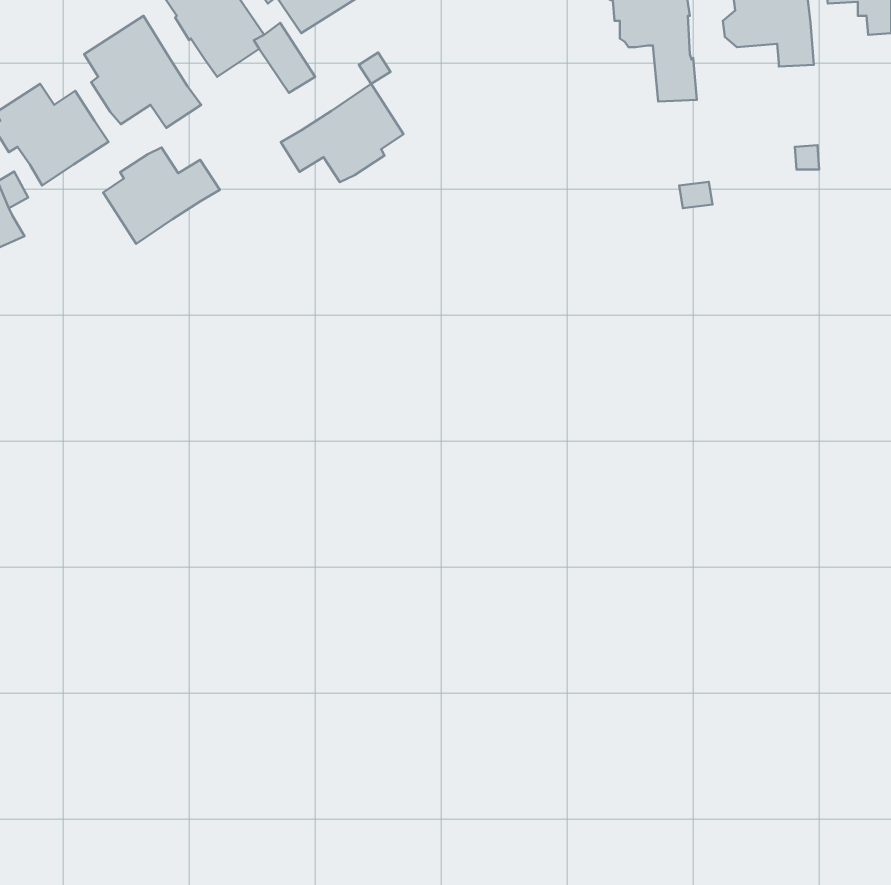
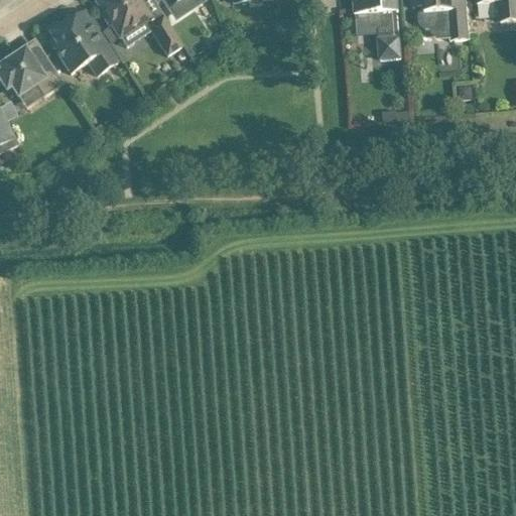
building: [281,84,403,182] -> none
building: [103,147,220,244] -> none

